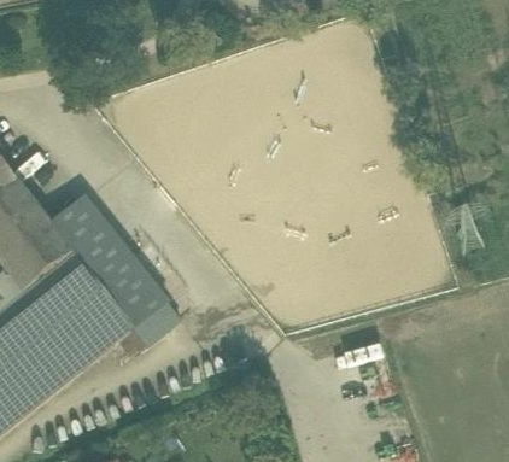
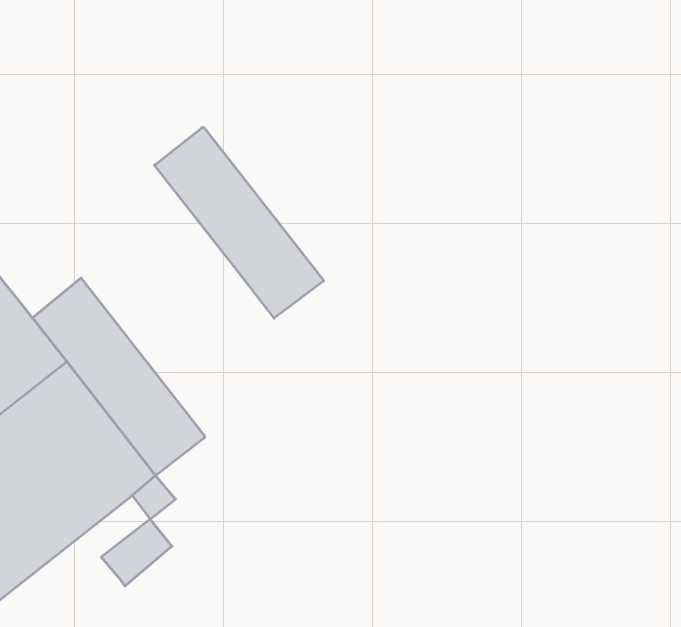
building: none -> [154,127,324,318]
building: [133,303,180,347] -> [101,519,172,586]

